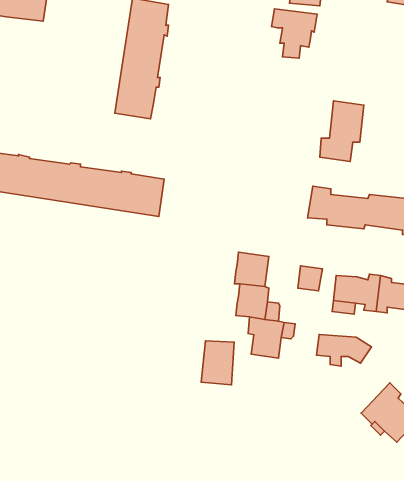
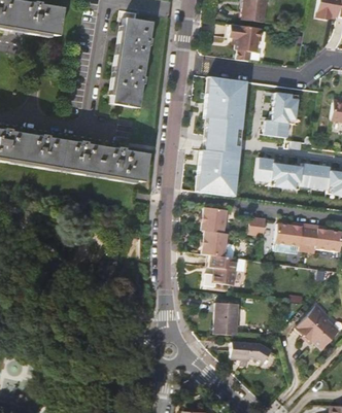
building: none -> [196,78,245,198]
building: [316,334,371,366] -> [230,343,271,367]
building: [201,341,234,385] -> [213,303,238,336]

